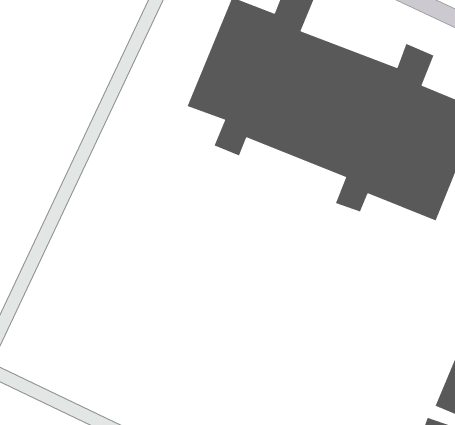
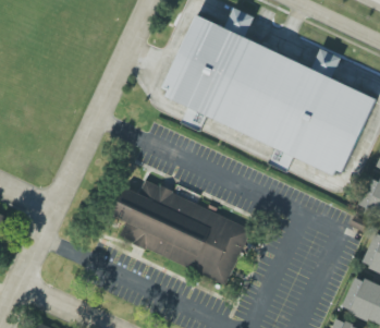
building: none -> [112,182,250,282]

